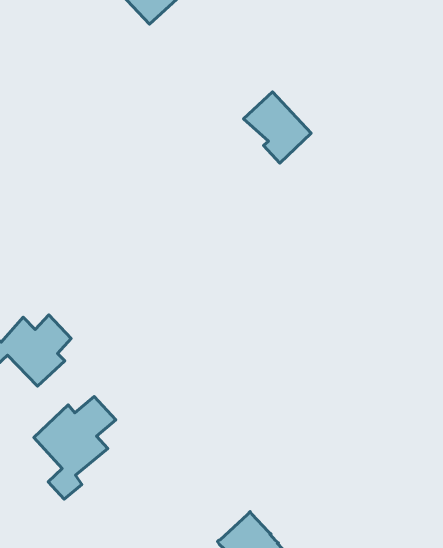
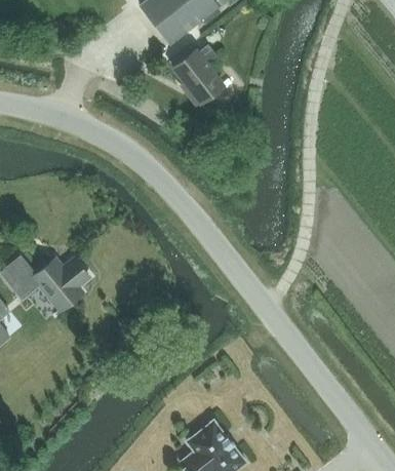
building: [244,92,311,163] -> [172,51,223,106]
building: [34,396,116,499] -> none

